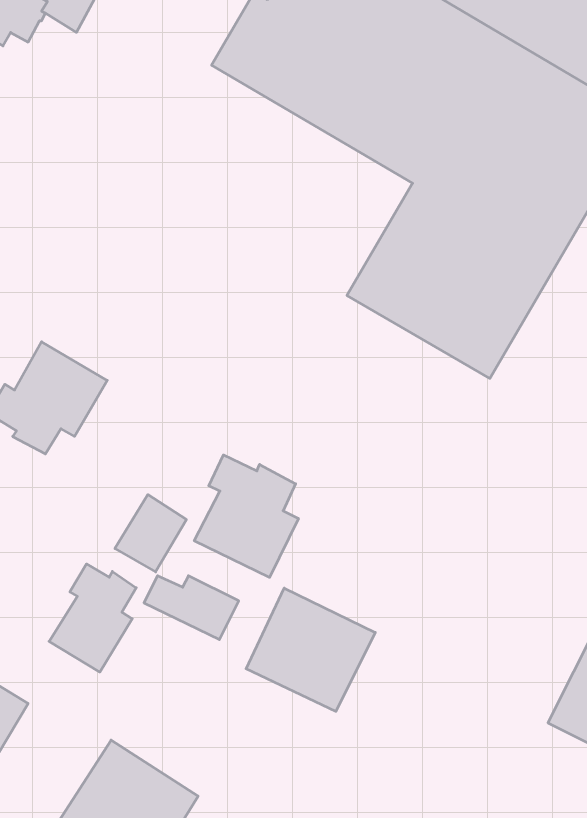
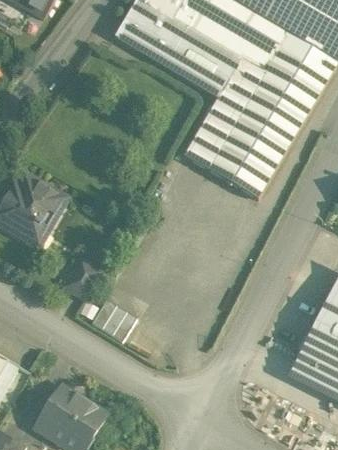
building: [194,455,298,577] -> none
building: [49,564,136,672] -> none
building: [246,588,375,711] -> none

